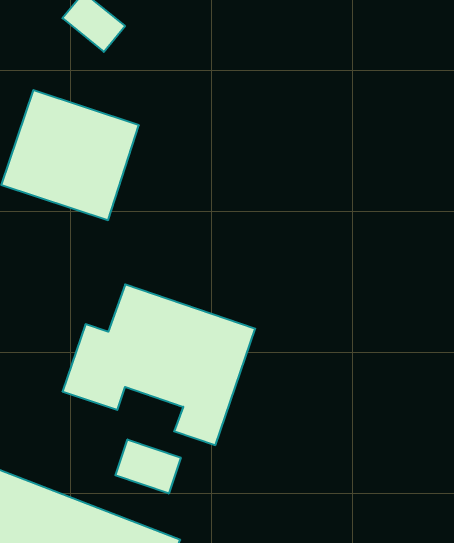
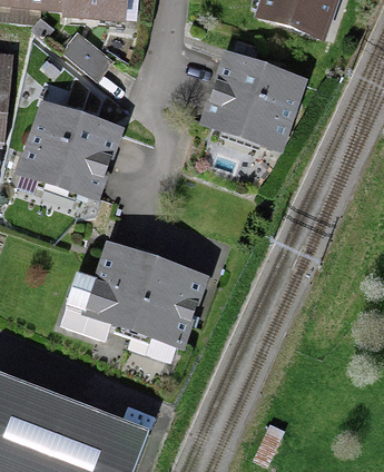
building: none -> [211,60,297,146]
building: [115,439,181,494] -> none

